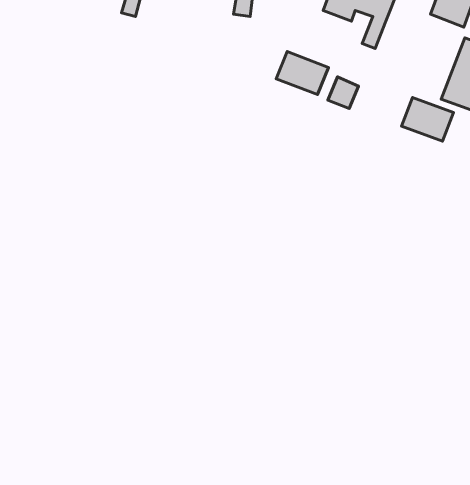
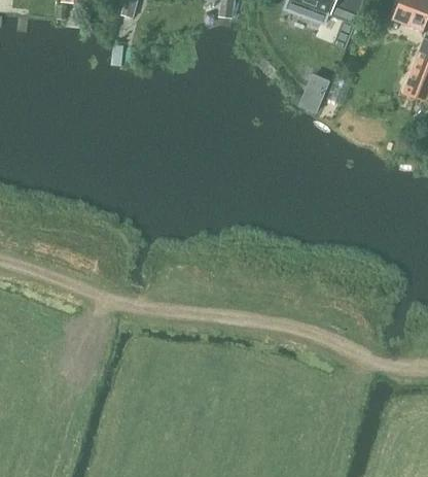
building: [276,52,328,95] -> none
building: [401,97,454,141] -> none

